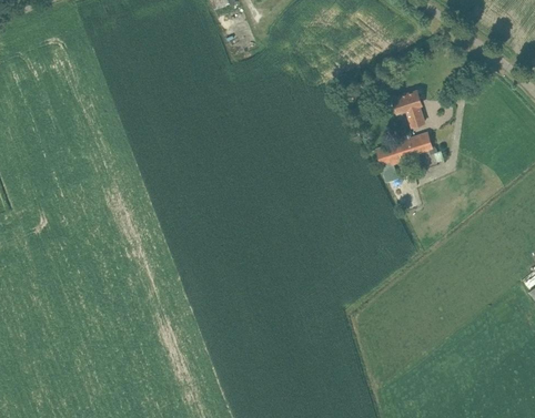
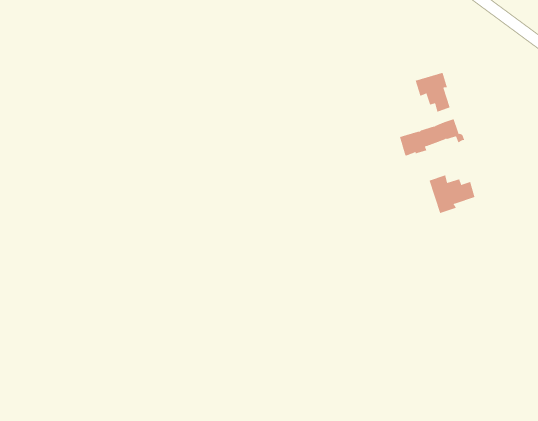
building: none -> [429,175,475,214]

